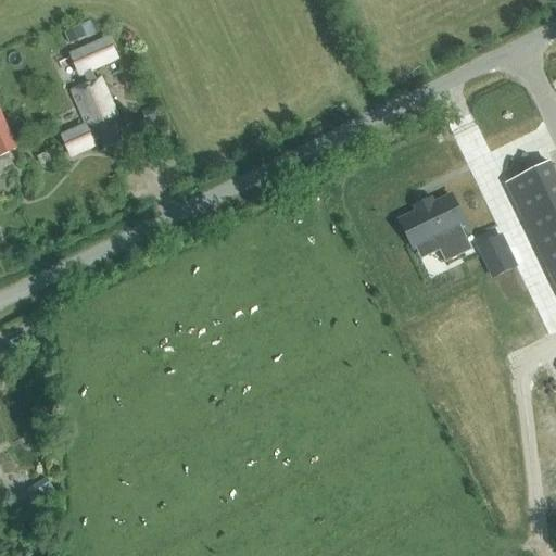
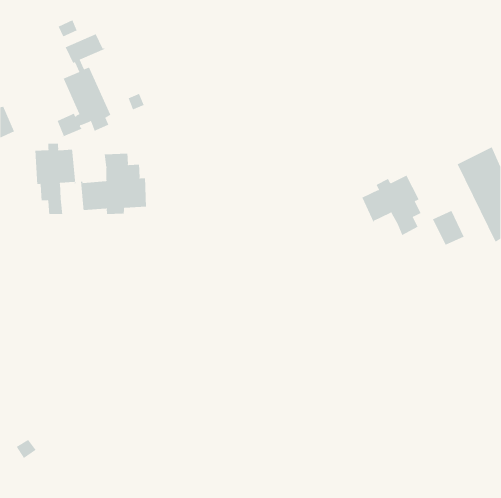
building: none -> [35,141,76,215]
building: none -> [81,153,147,216]

